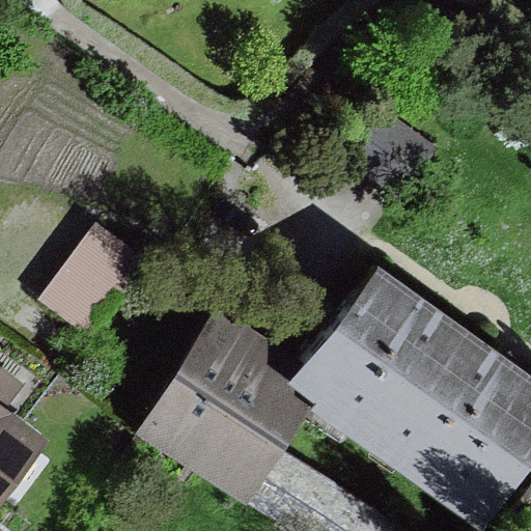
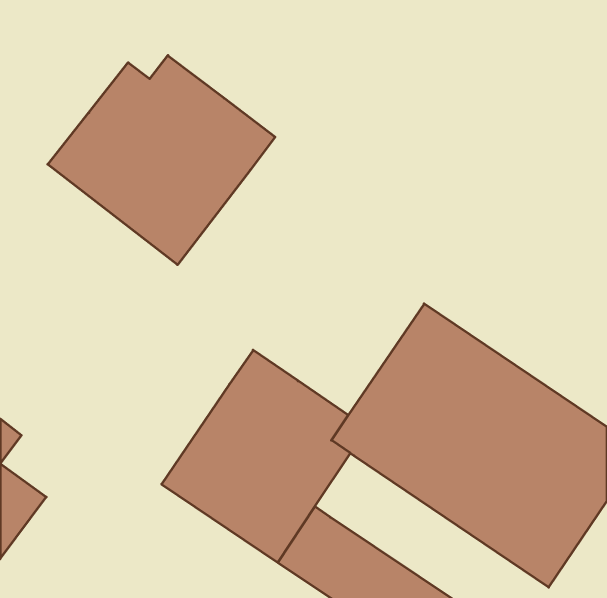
building: none -> [48,55,275,265]
building: [36,229,141,340] -> none

